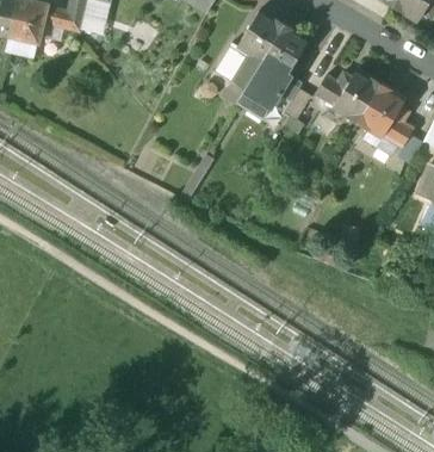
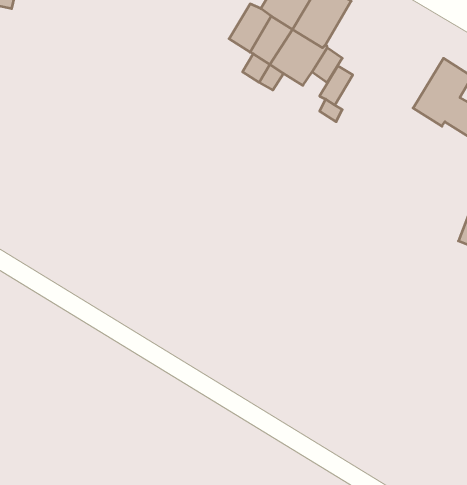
building: [315,68,382,123] -> none

